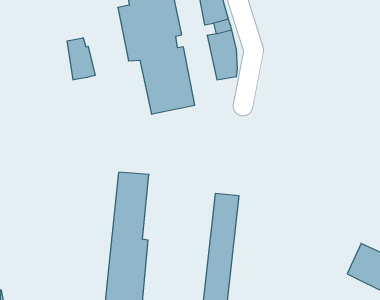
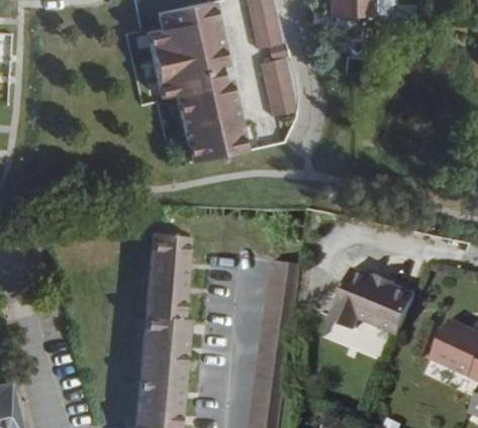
building: [67,38,95,80] -> none
building: none -> [332,270,415,335]

